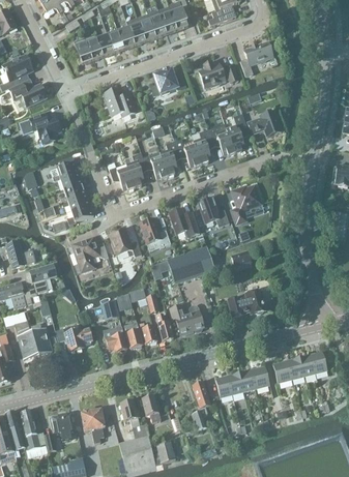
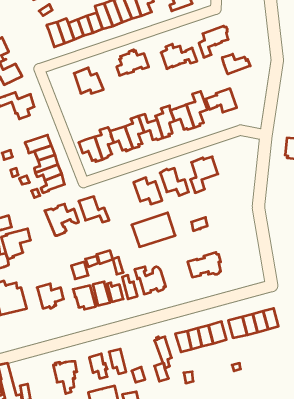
building: none -> [222,54,250,74]
building: [140,217,171,246] -> none
building: [52,412,76,440] -> none

